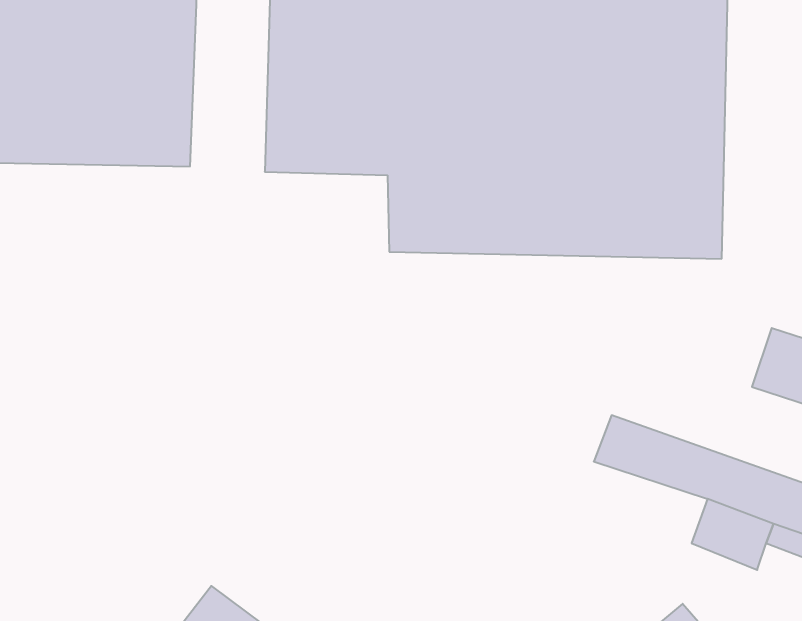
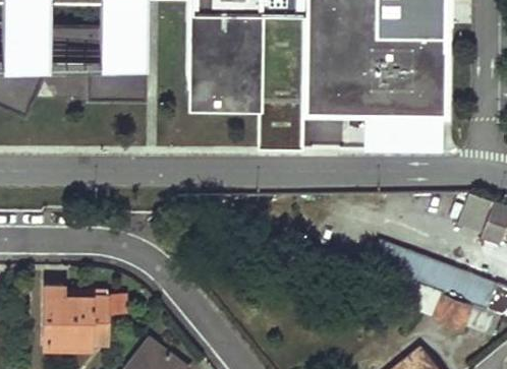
building: none -> [48,286,110,343]

